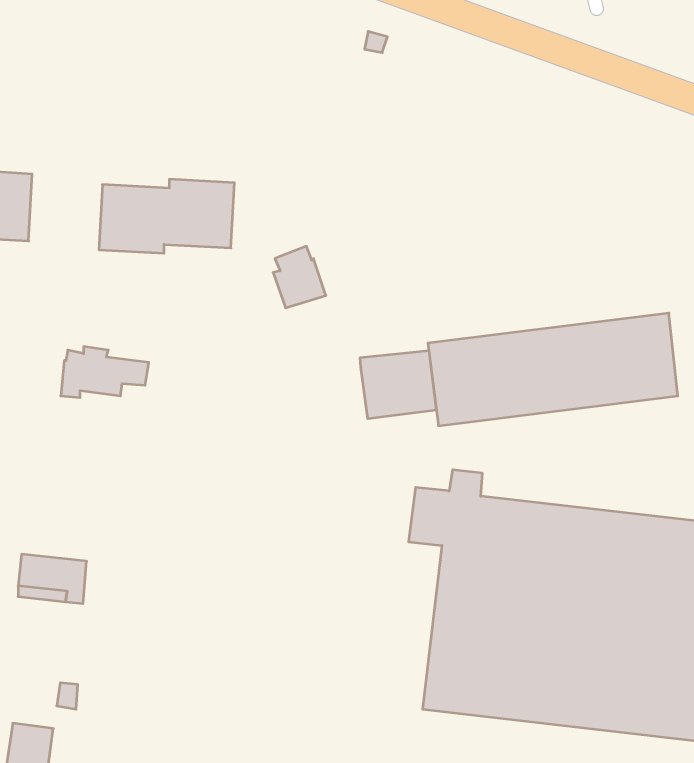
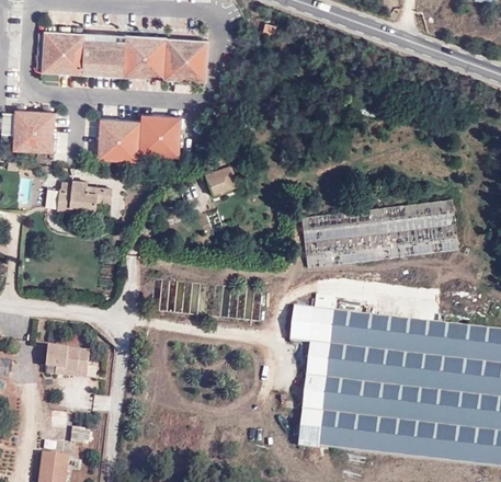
building: none -> [39,30,206,81]
building: [61,347,149,398] -> [56,179,111,210]
building: [360,351,436,419] -> none

